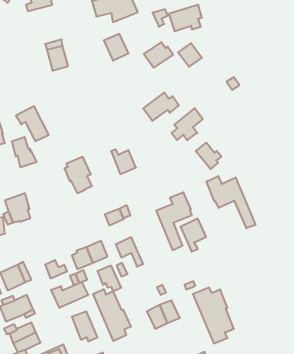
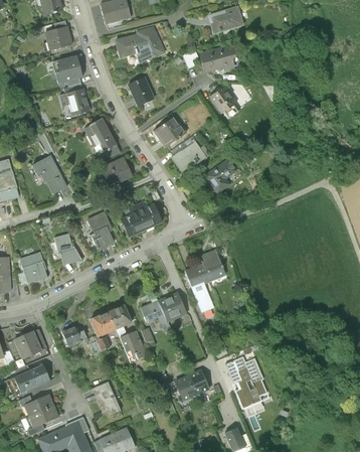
building: none -> [51,55,80,82]
building: [144,42,173,68] -> [152,118,184,146]
building: none -> [82,118,115,153]
building: none -> [99,157,131,186]
building: [12,137,37,167] -> [53,232,80,265]
building: [196,143,221,169] -> none
building: none -> [121,204,145,237]
building: [207,176,255,228] -> none
building: [180,219,206,252] -> [158,292,186,328]
building: [51,282,88,308] -> none
building: [93,289,131,341] -> none

